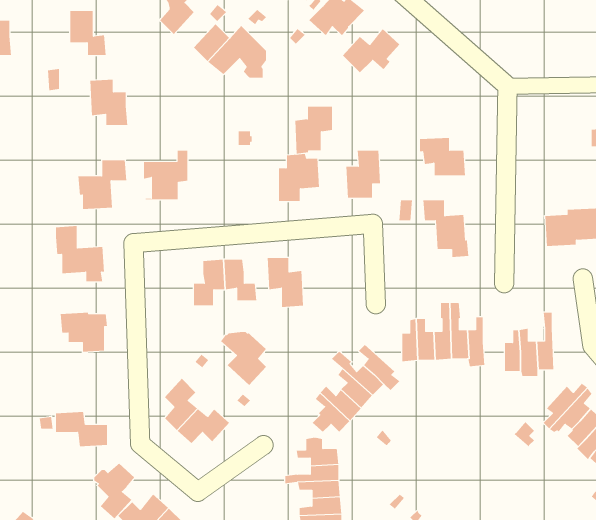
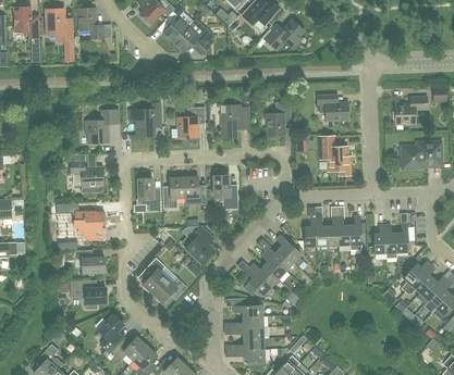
building: [90,79,128,126] -> [47,9,73,40]
building: [294,106,333,154] -> [179,107,205,139]
building: none -> [395,96,428,124]
building: none -> [137,178,162,211]
building: none -> [75,250,105,273]

